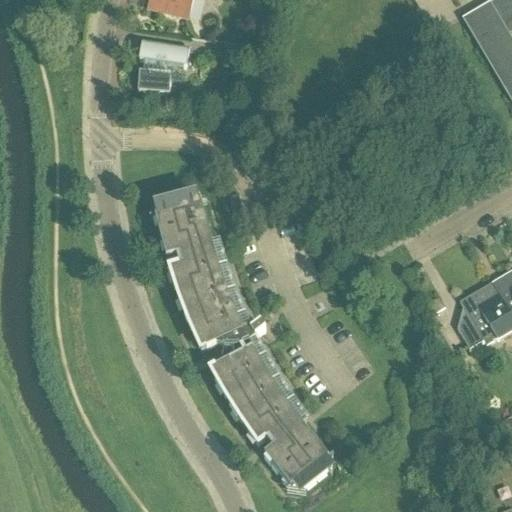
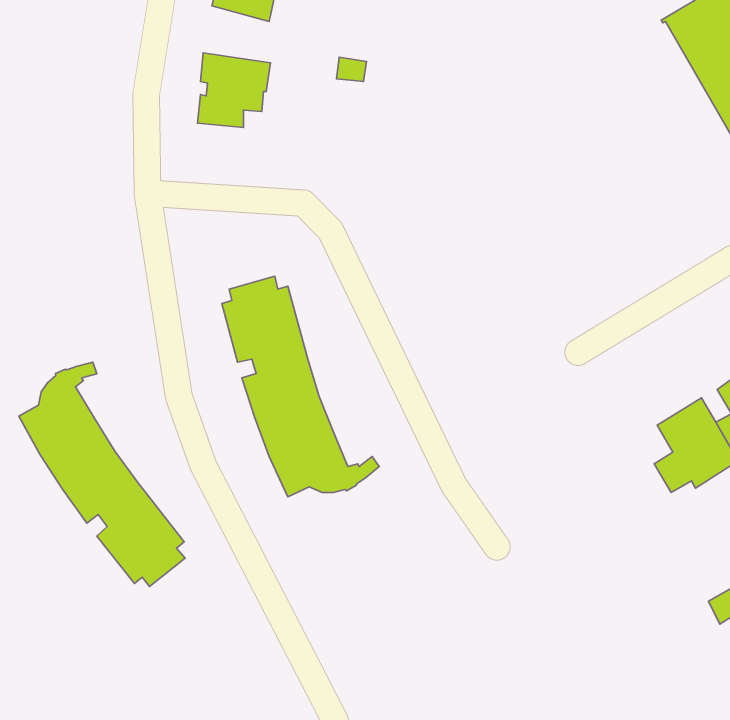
building: none -> [19,362,185,586]
building: [211,343,330,486] -> none

